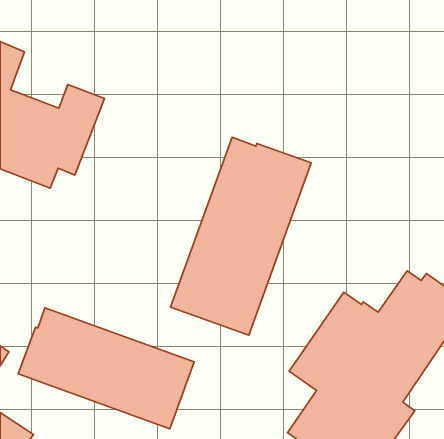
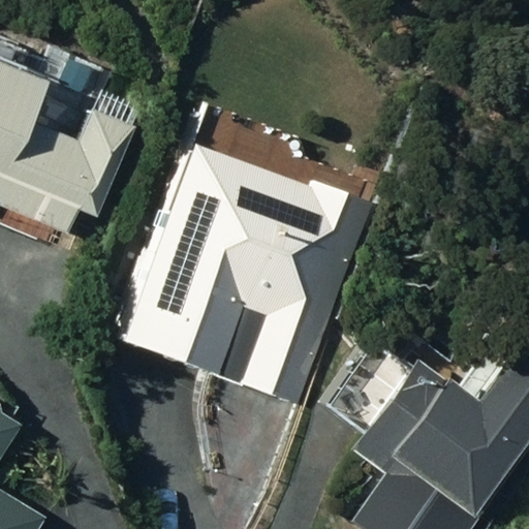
building: none -> [116,141,279,368]
building: [18,308,194,429] -> none

